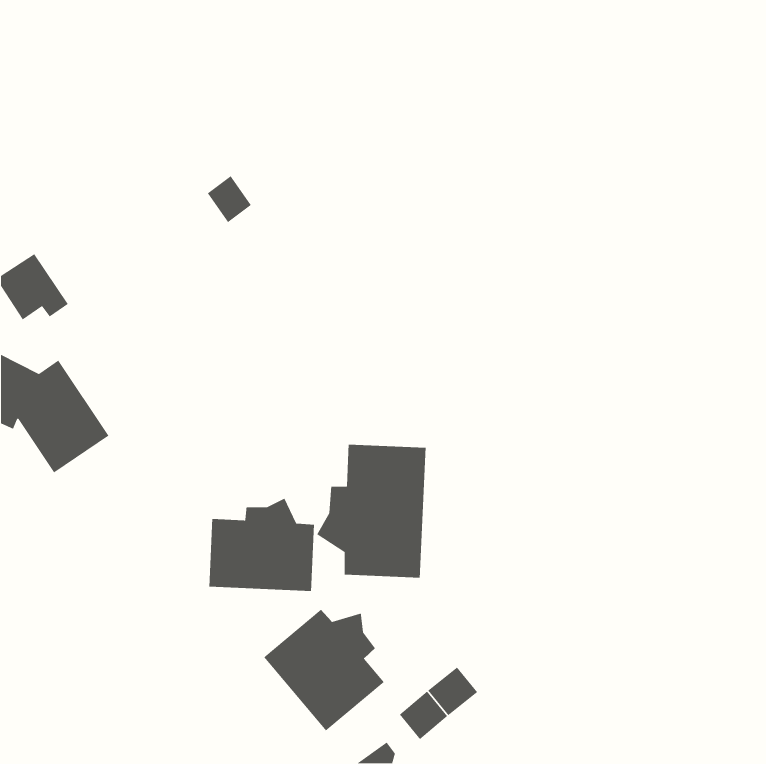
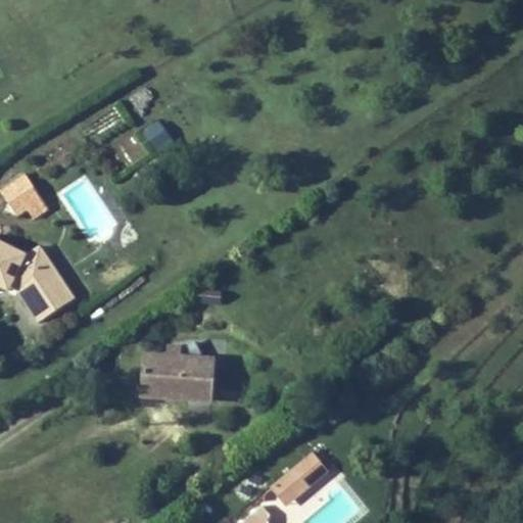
building: [316,444,426,579] -> none
building: [263,609,385,732] -> none

